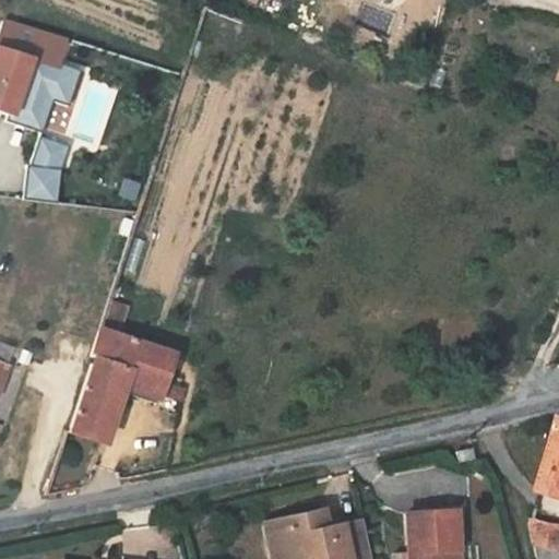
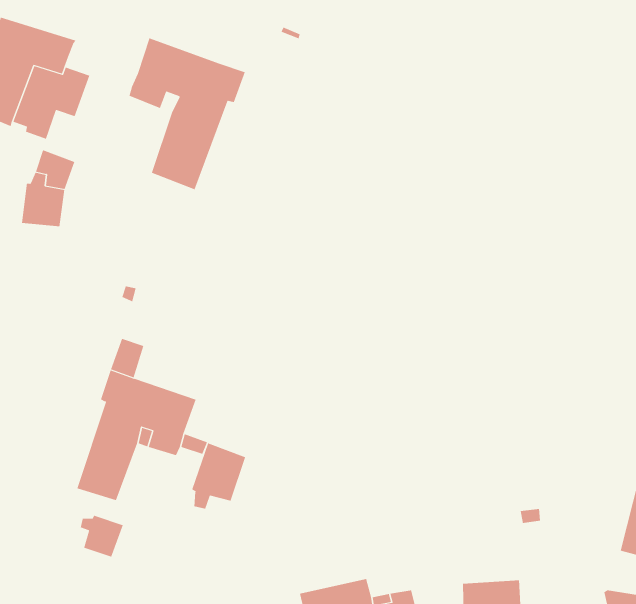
building: none -> [129,37,246,190]
building: none -> [191,442,246,509]
building: none -> [80,515,124,557]

